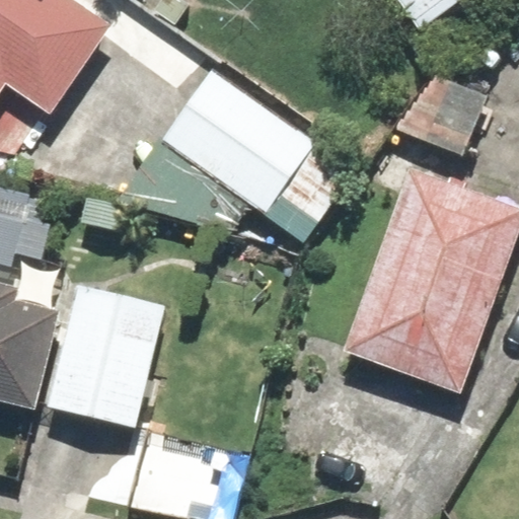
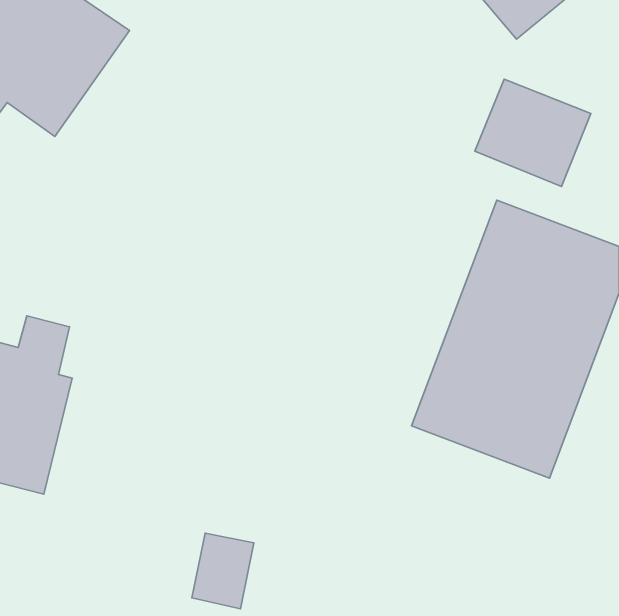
building: [121,69,308,235] -> none
building: [48,281,168,430] -> none

